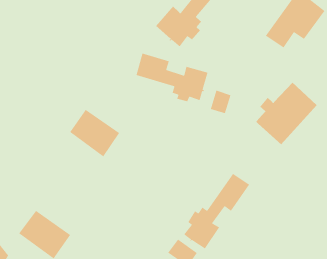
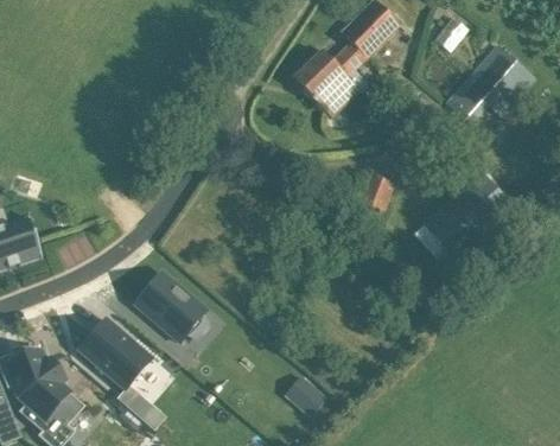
building: [135,52,208,102] -> none
building: [69,109,120,157] -> [136,273,208,343]
building: [183,173,250,249] -> none

